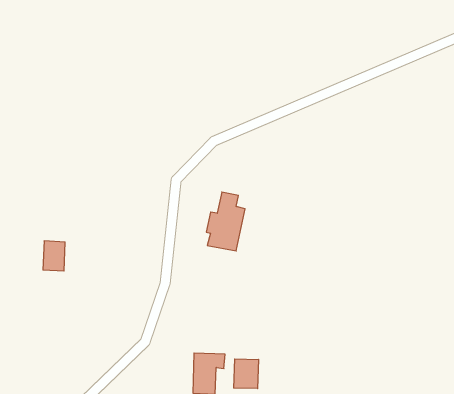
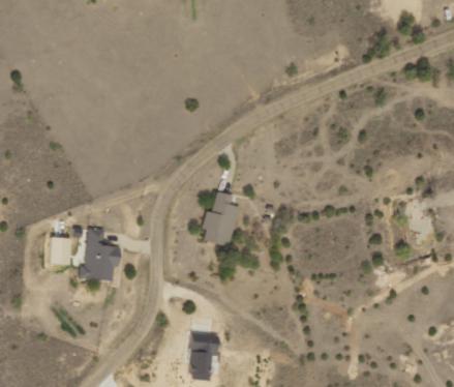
building: none -> [79,229,121,280]
building: [234,359,259,389] -> none

